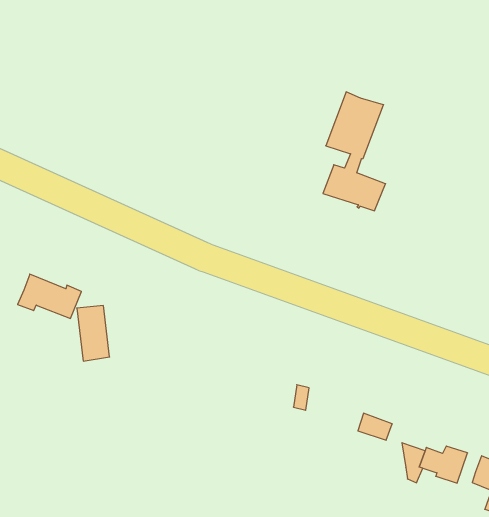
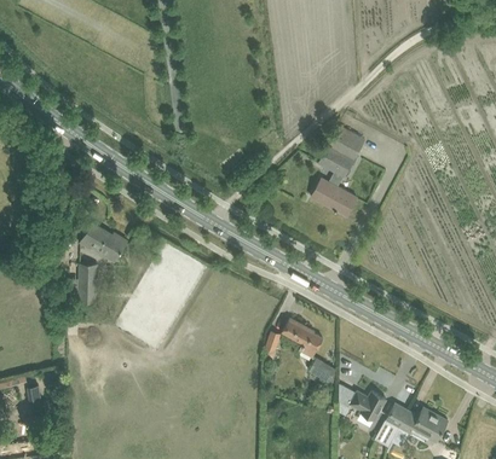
building: [77,306,110,361] -> [77,263,98,302]
building: none -> [282,319,323,358]

